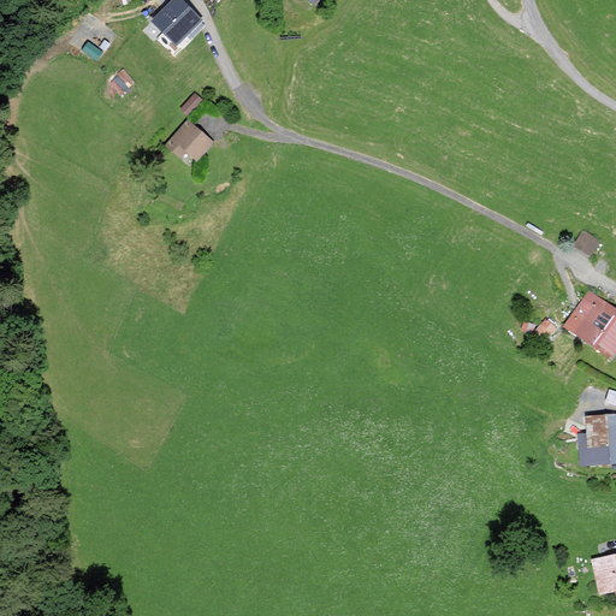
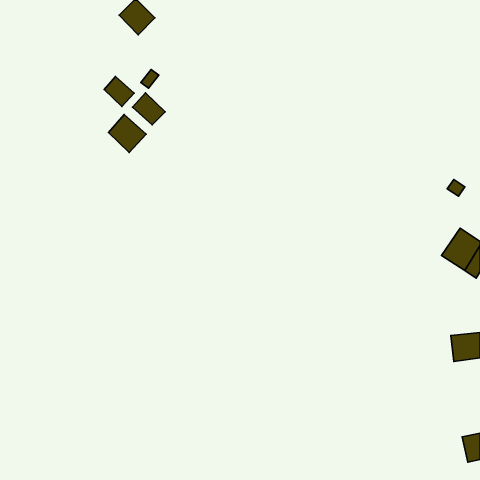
building: none -> [104,76,134,107]
building: none -> [108,114,146,152]

